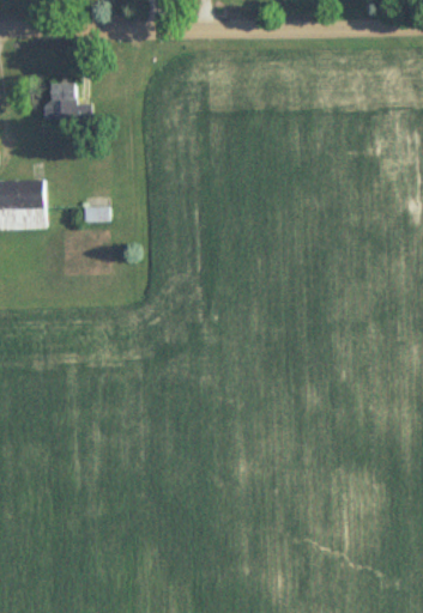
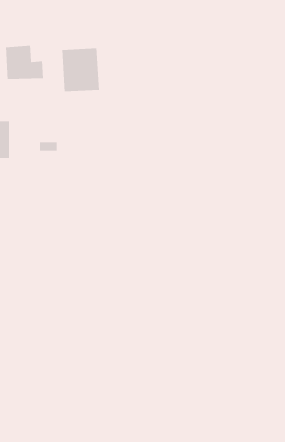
building: none -> [62,48,100,92]

